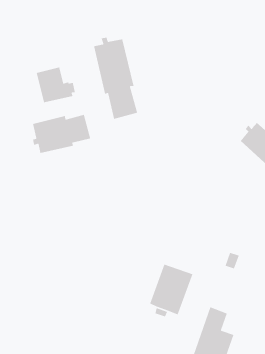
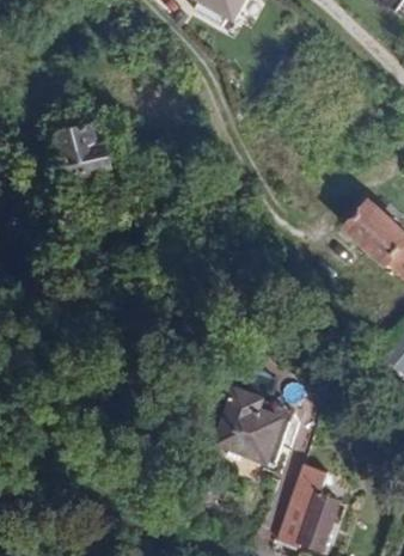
building: [93,37,138,120] -> none
building: [32,114,91,154] -> none

